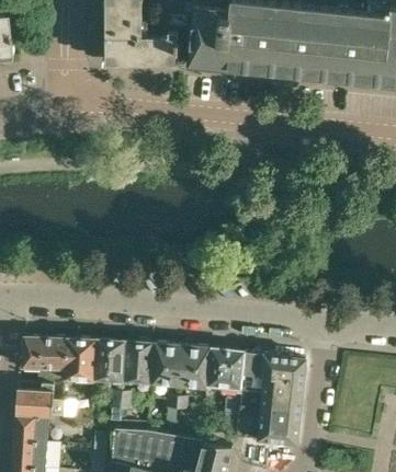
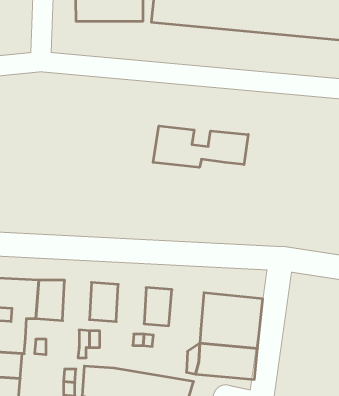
building: none -> [153,126,248,167]
building: [91,339,122,382] -> none
building: [148,344,180,385] -> none
building: [204,349,241,391] -> none

